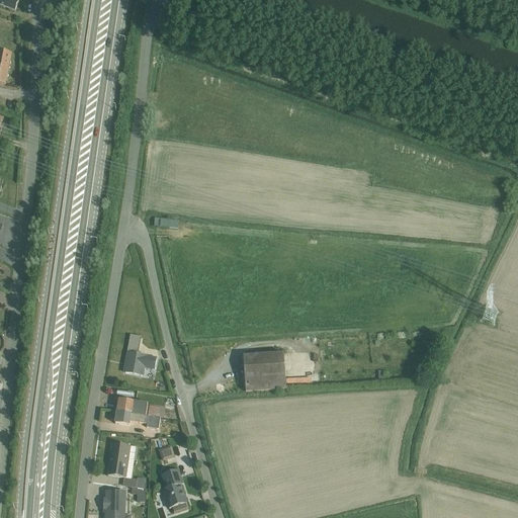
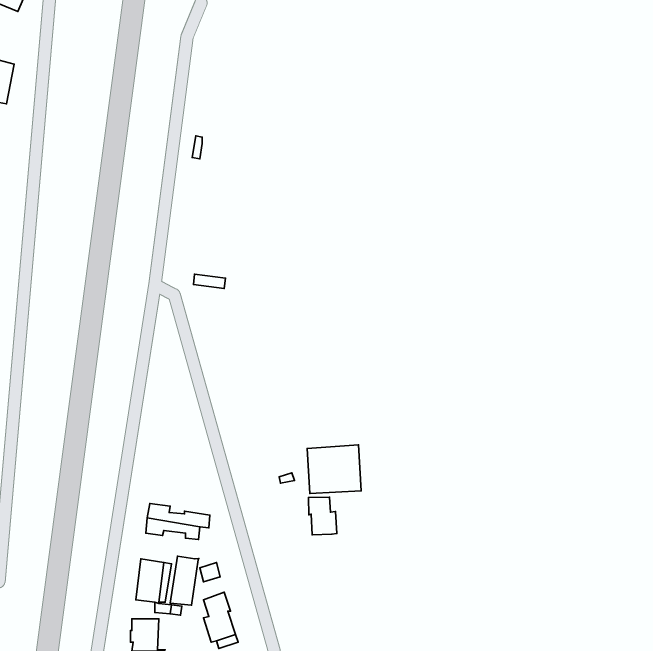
building: [124,334,156,374] -> none
building: none -> [308,497,337,535]
building: none -> [170,556,199,605]

